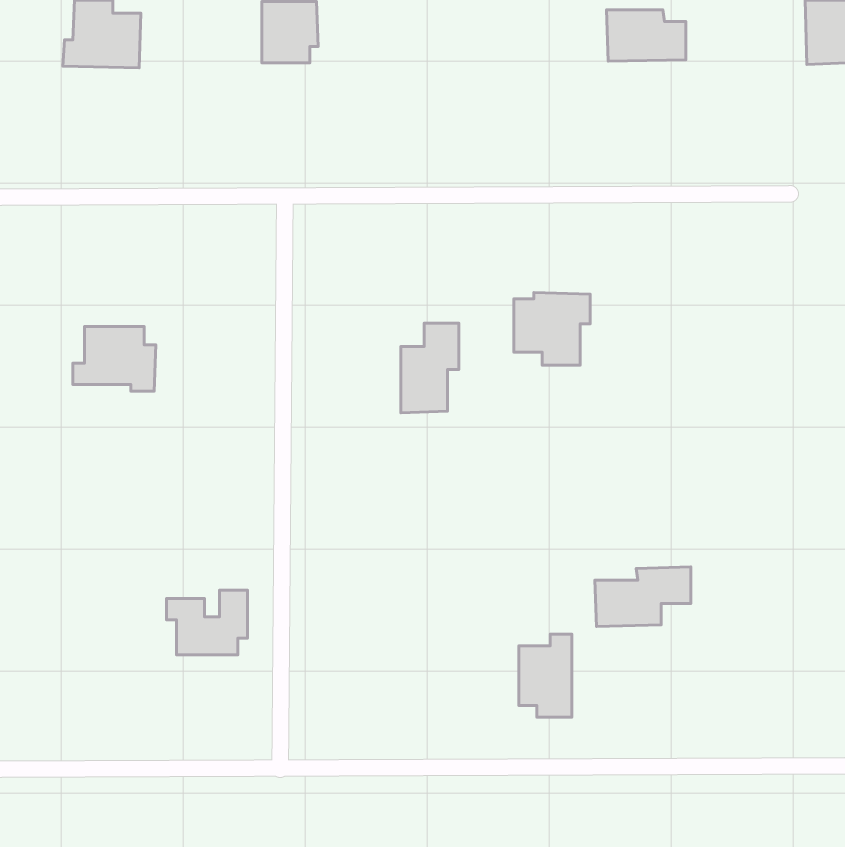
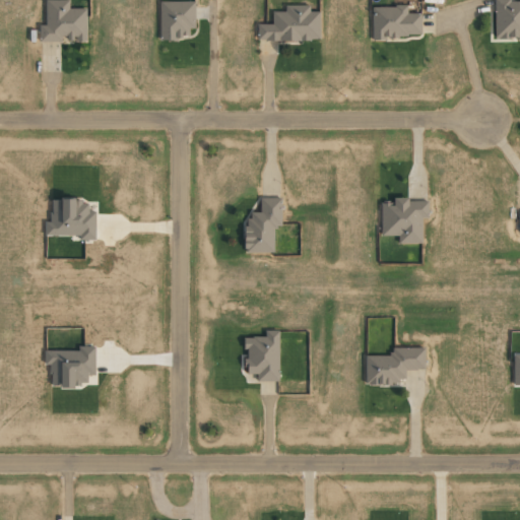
building: none -> [258,5,321,42]
building: [514,292,590,365] -> [382,199,429,244]
building: [166,590,248,655] -> [46,346,95,386]
building: [519,634,572,717] -> [247,330,279,381]

